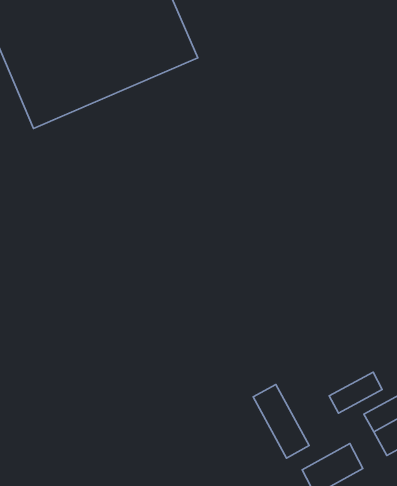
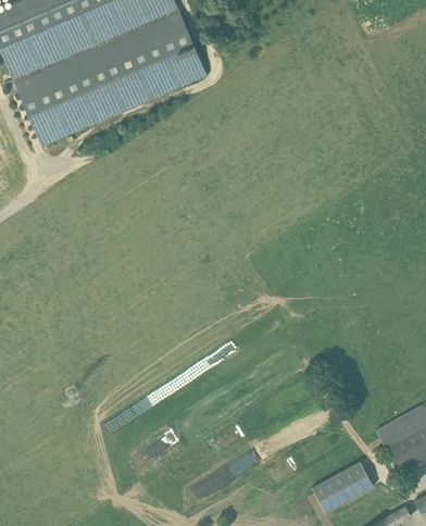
building: [329,372,382,413] -> none
building: [253,384,309,458] -> none

